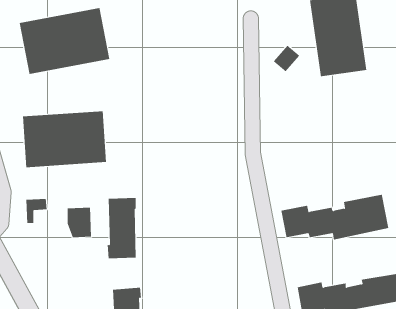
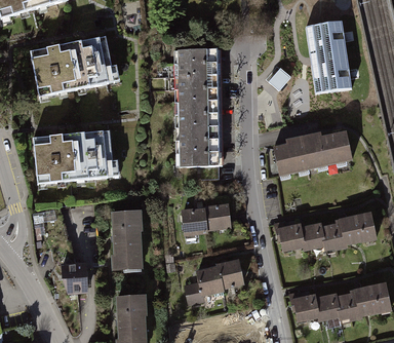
building: none -> [175,48,221,168]
building: none -> [272,129,350,175]
building: none -> [183,202,230,237]
building: [67,207,92,238] -> [63,265,86,294]
building: none -> [184,260,244,305]

